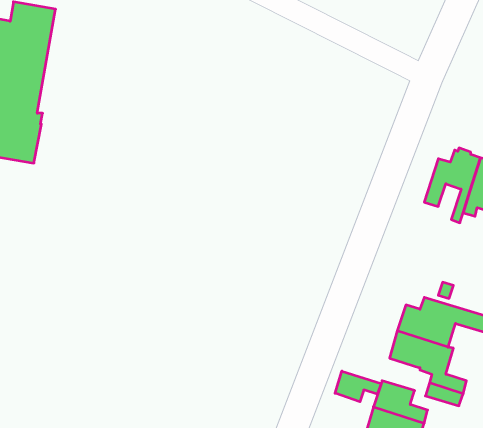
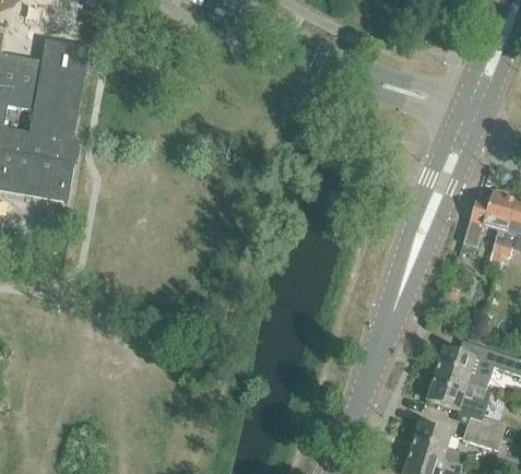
building: [335,371,381,402] -> none

